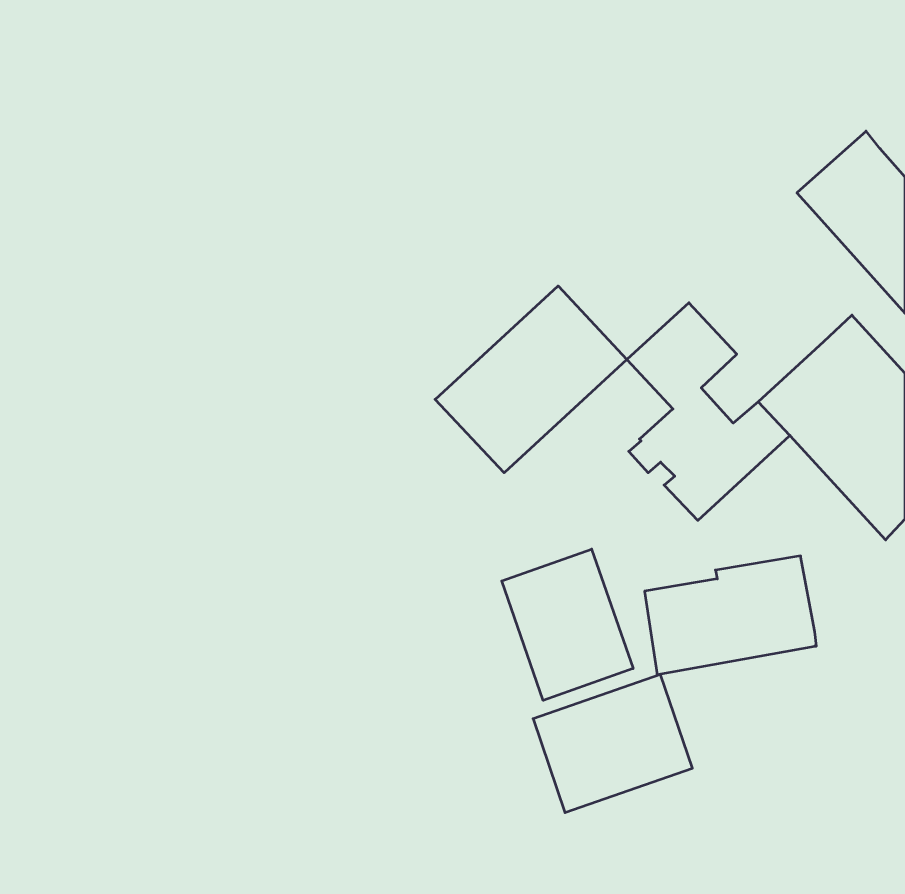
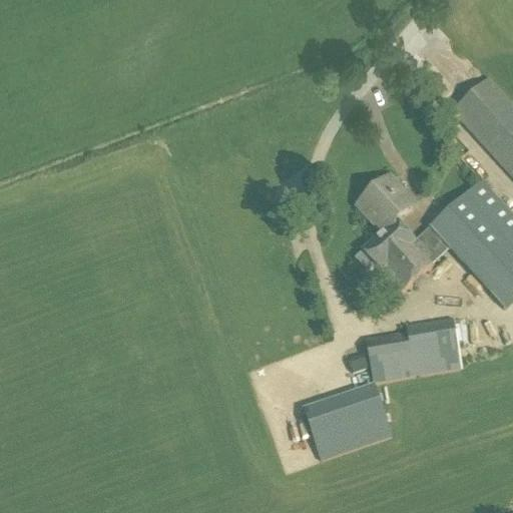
building: [435,286,627,473] -> none
building: [502,549,633,700] -> none

